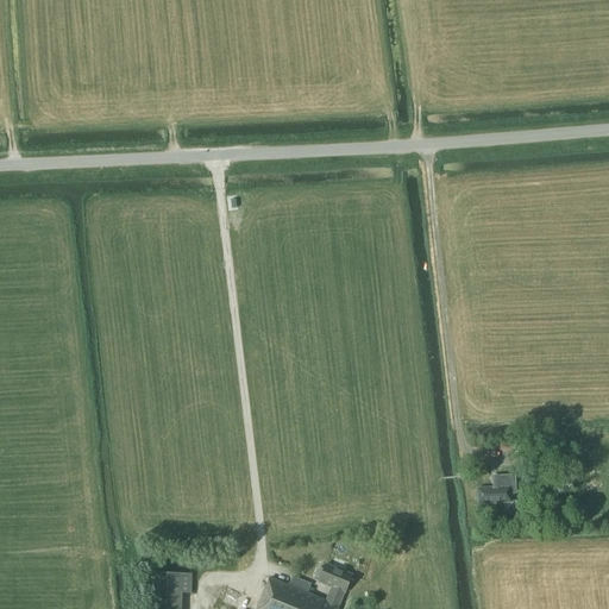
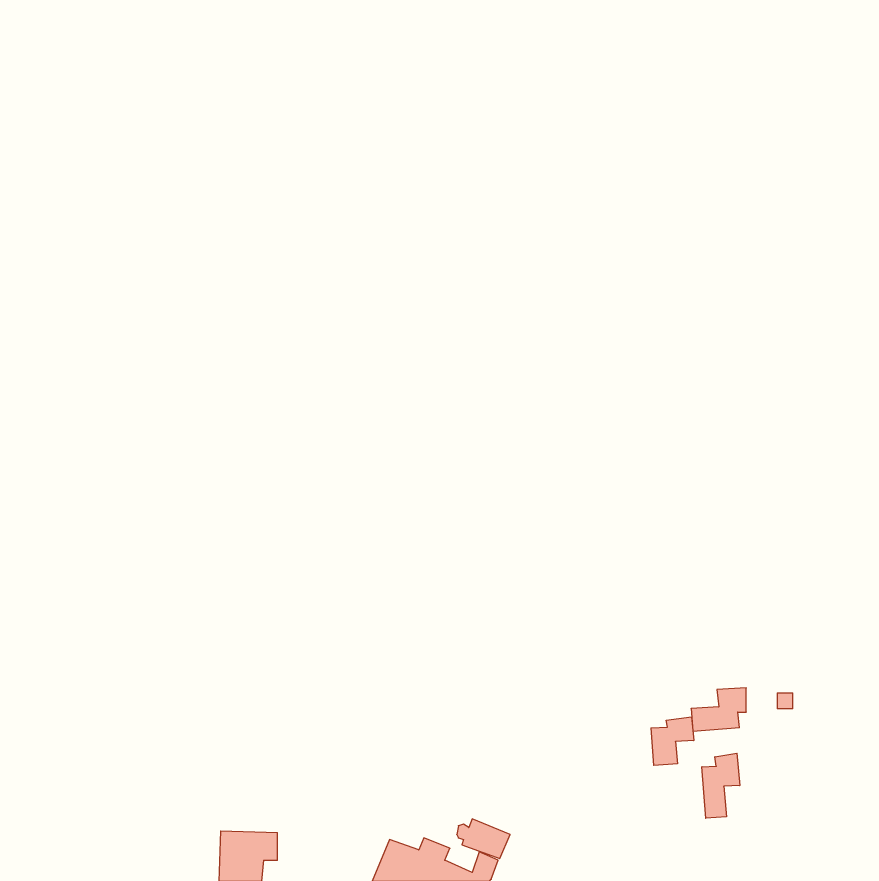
building: none -> [651,717,694,765]
building: none -> [702,753,740,818]

